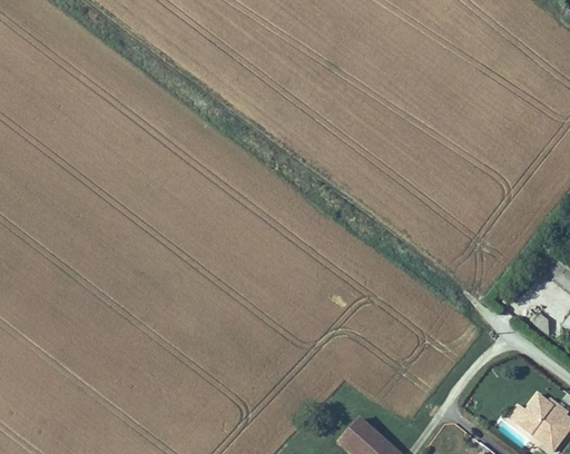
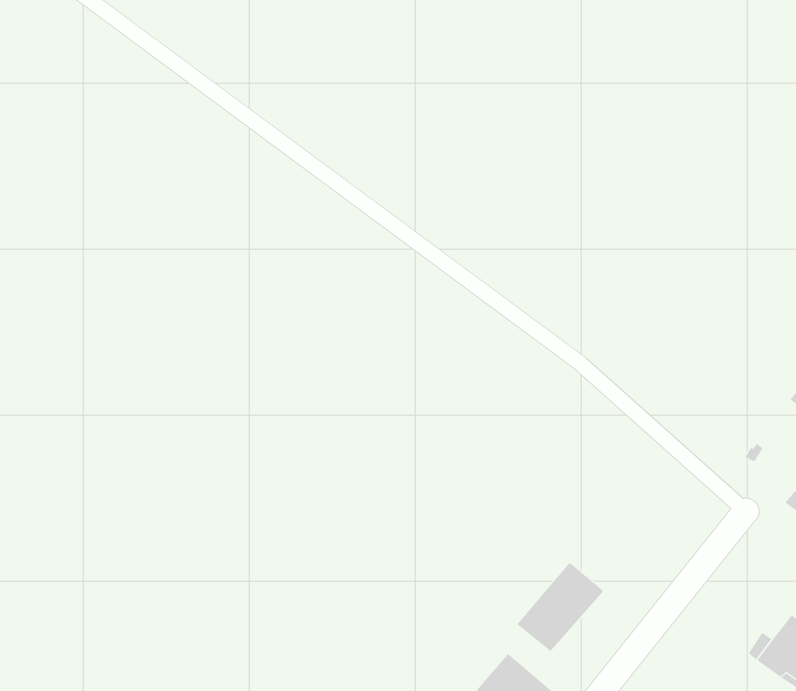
building: none -> [516,562,604,652]

